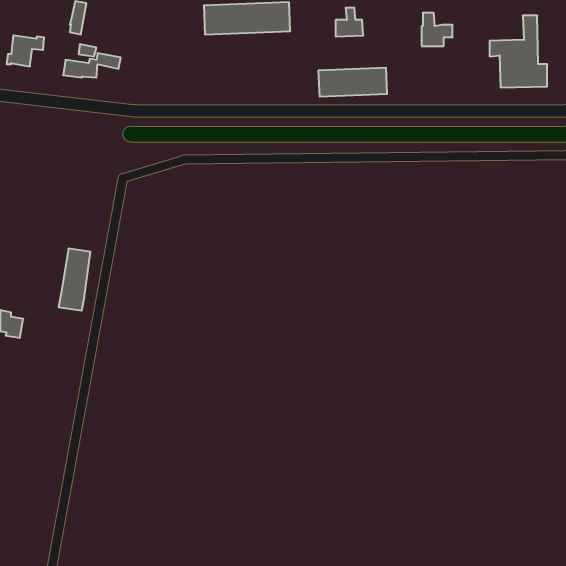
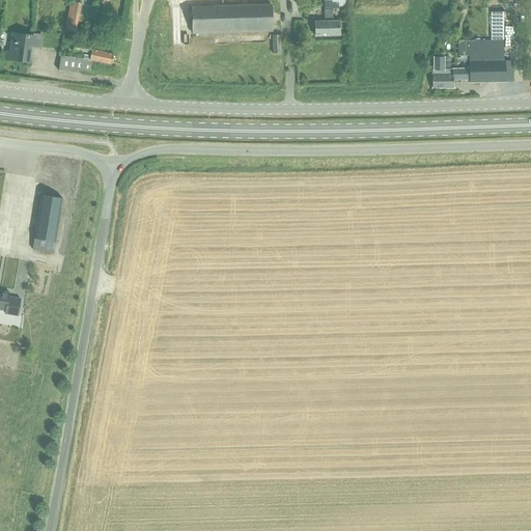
building: [422,13,453,46] -> [432,57,462,88]
building: [319,68,387,97] -> none
building: [59,249,91,311] -> [32,195,62,253]

